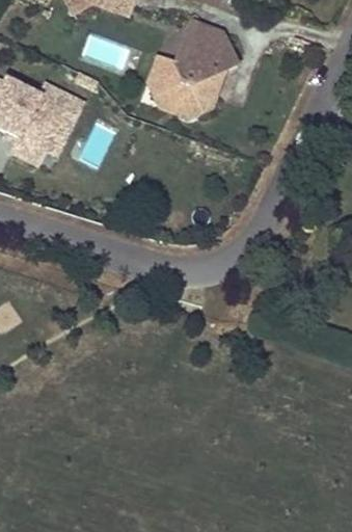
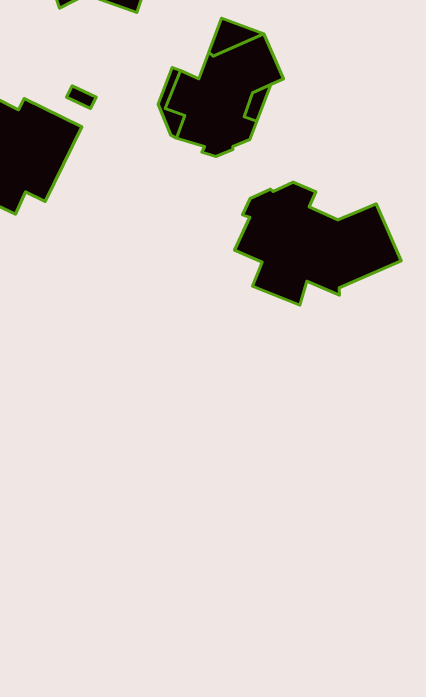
building: none -> [235,182,401,305]

